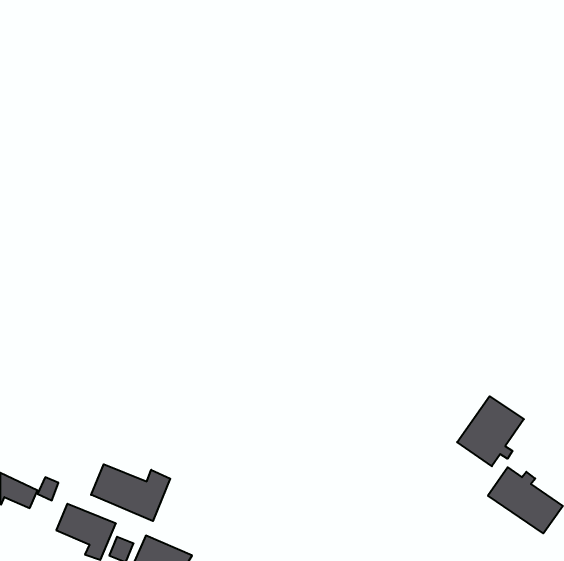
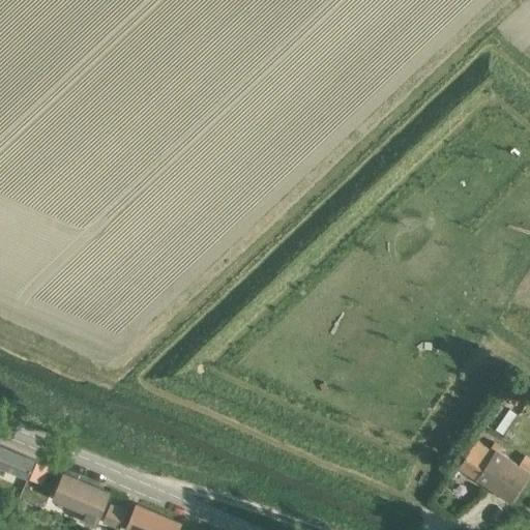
building: [457,396,524,466] -> none
building: [91,464,170,521] -> none

